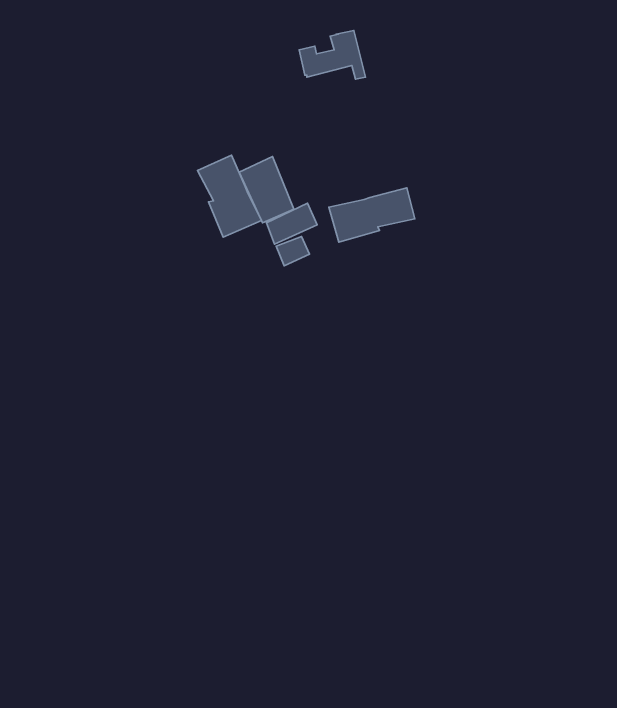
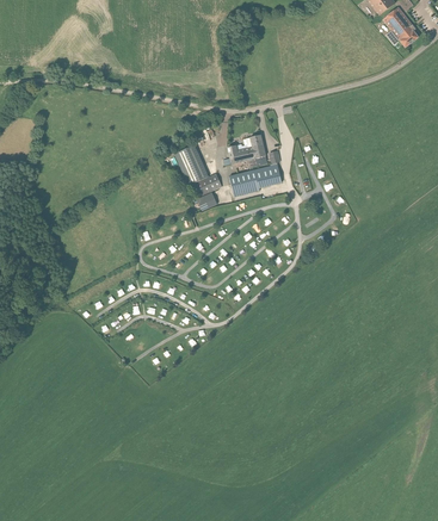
building: [299,30,365,79] -> [227,134,267,163]
building: [198,155,262,237] -> none

